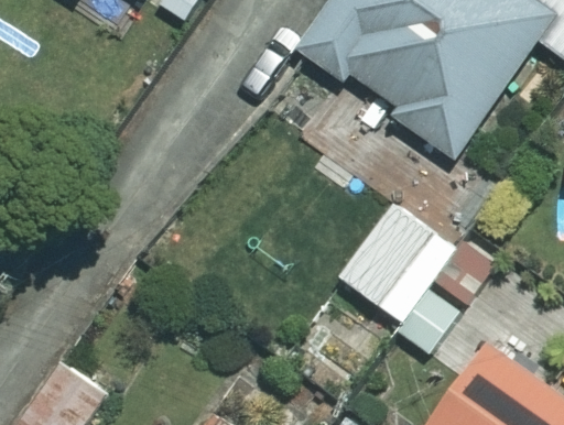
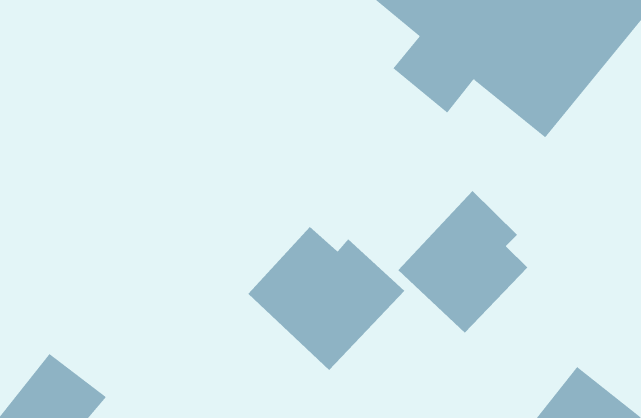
building: none -> [247,226,405,371]

